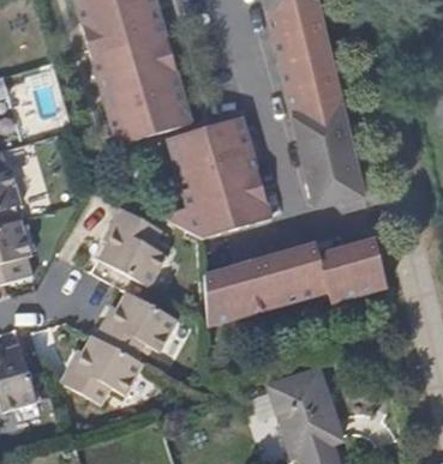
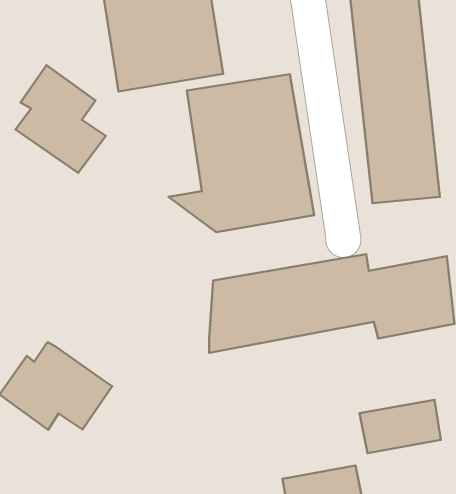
building: [106,213,173,290] -> [16,65,106,173]
building: [95,294,175,358] -> none
building: [265,369,328,415] -> [360,400,441,453]

